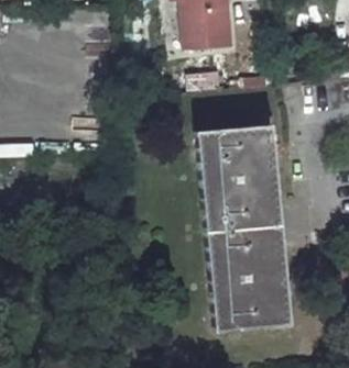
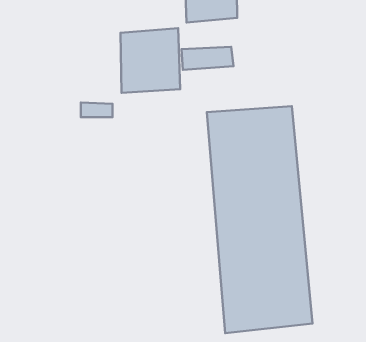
building: none -> [120,28,180,93]

